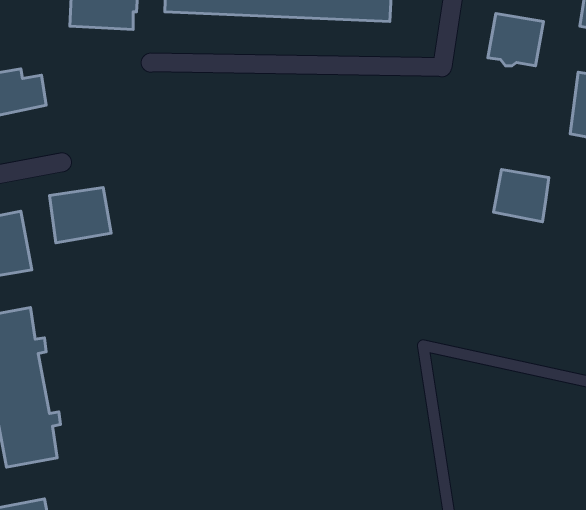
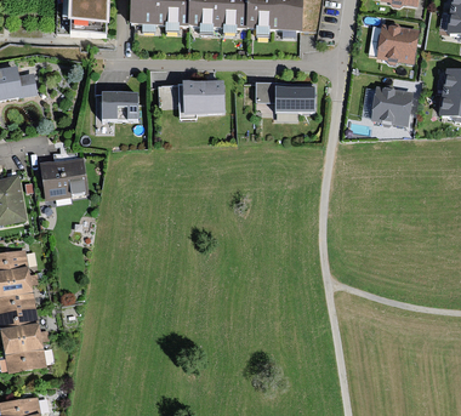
building: none -> [159,79,223,118]
building: none -> [256,82,313,112]
building: none -> [95,92,138,132]
building: [494,170,549,222] -> [370,85,412,125]

